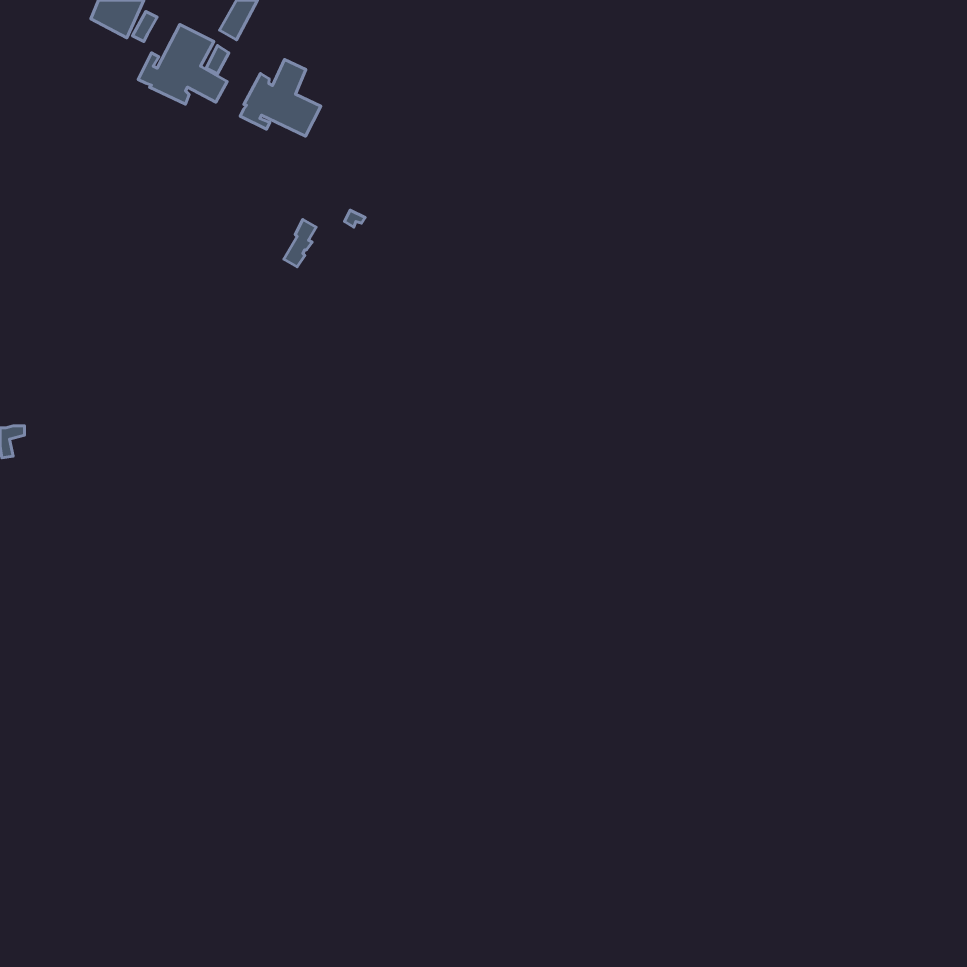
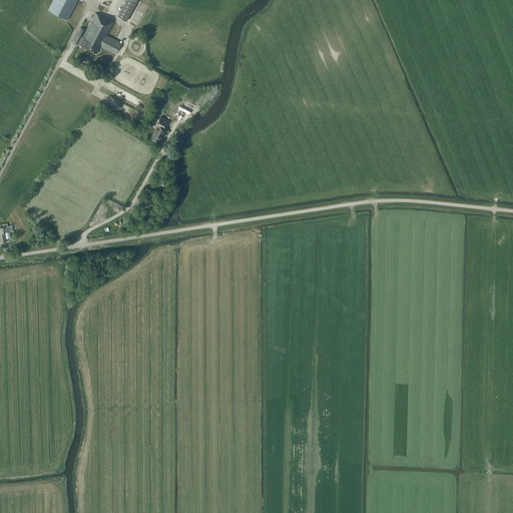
building: [240,59,321,136] -> none

